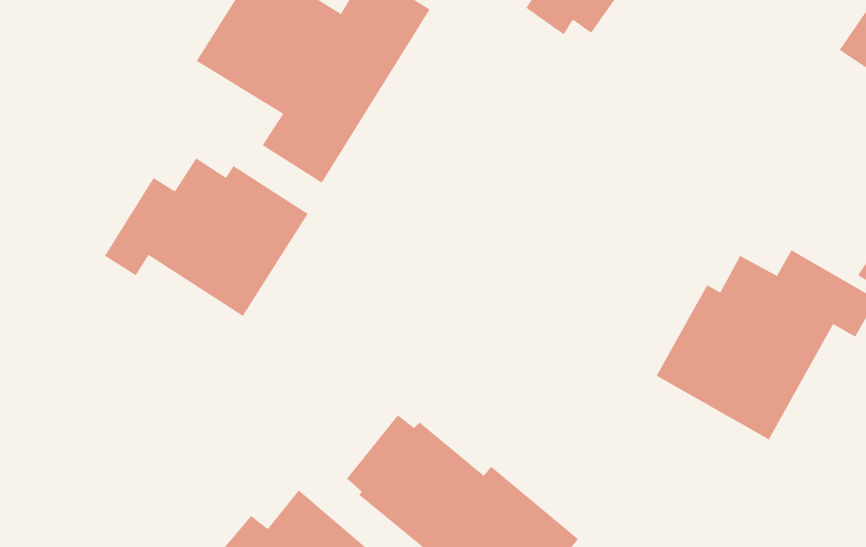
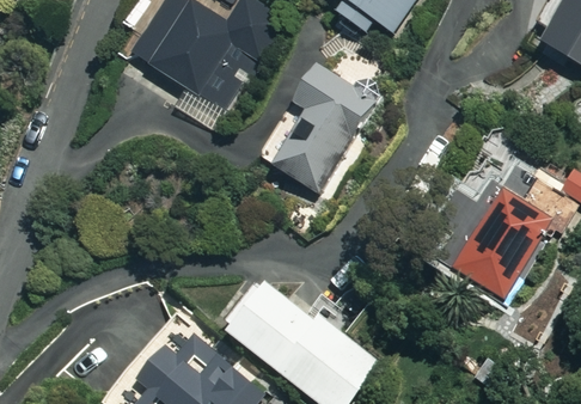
building: none -> [257,44,398,191]
building: [104,157,308,317] -> none

